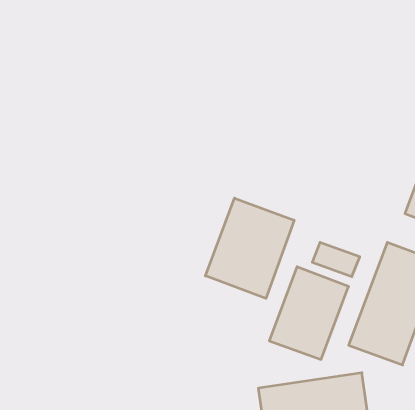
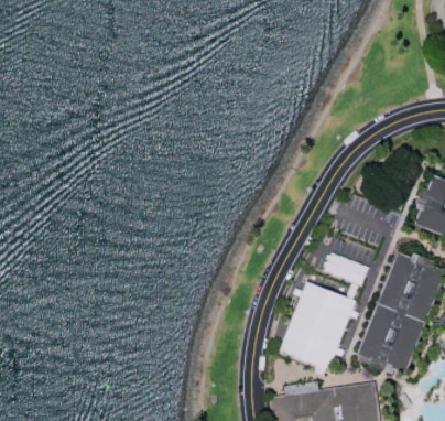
building: [205,198,294,298] -> none

